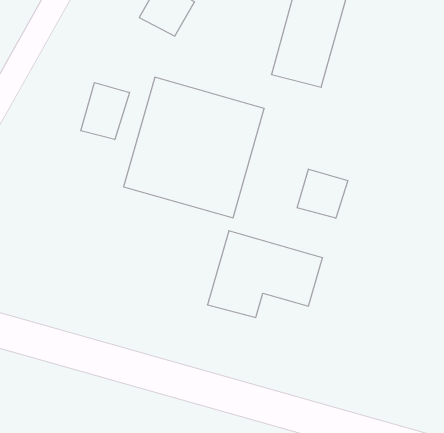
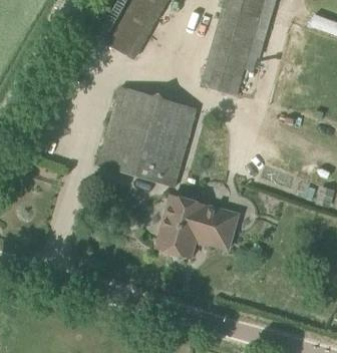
building: [81,83,129,140] -> none
building: [297,169,348,218] -> none

